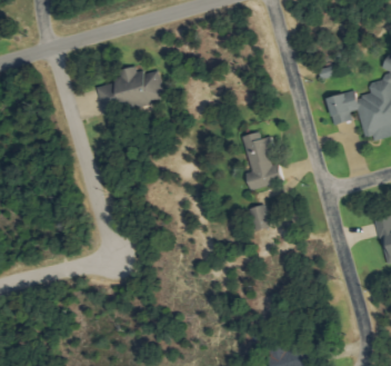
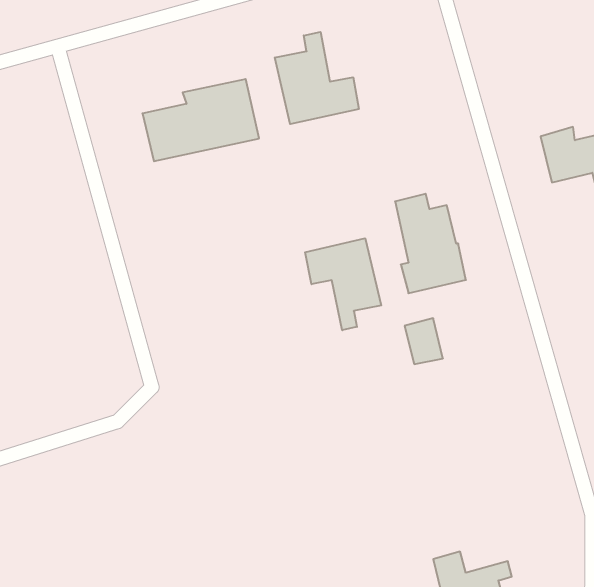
building: none -> [275,32,359,124]
building: none -> [305,238,381,330]

